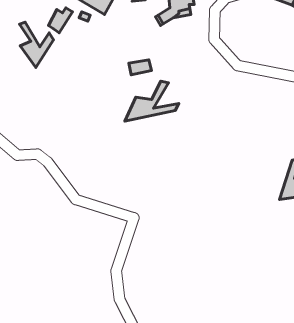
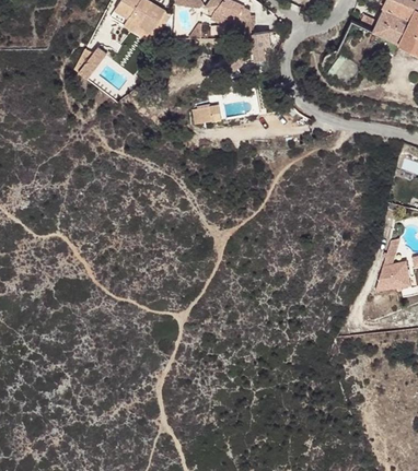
building: [20,22,54,68] -> none
building: [125,81,179,121] -> none

